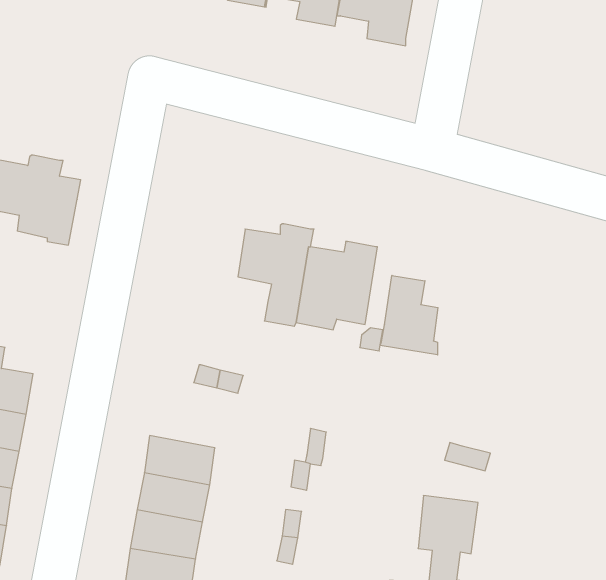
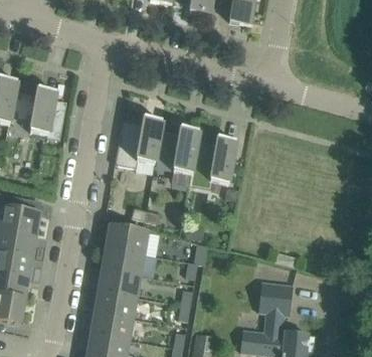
building: none -> [115,118,162,169]
building: [380,275,438,355] -> none
building: none -> [106,225,147,255]

